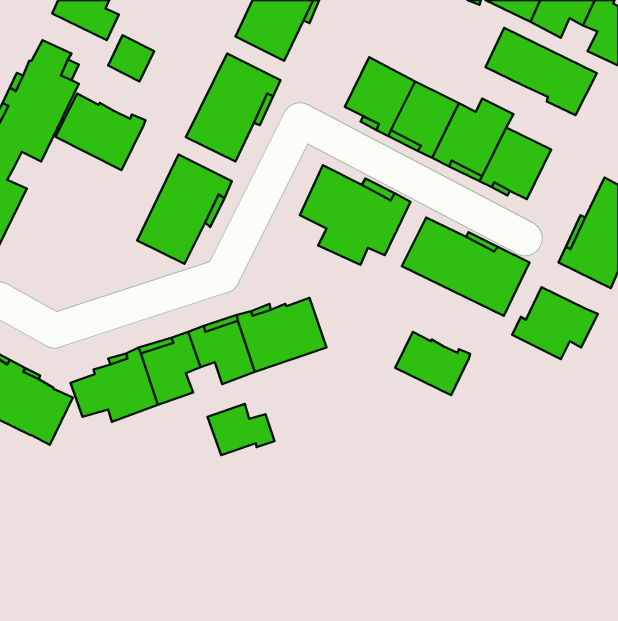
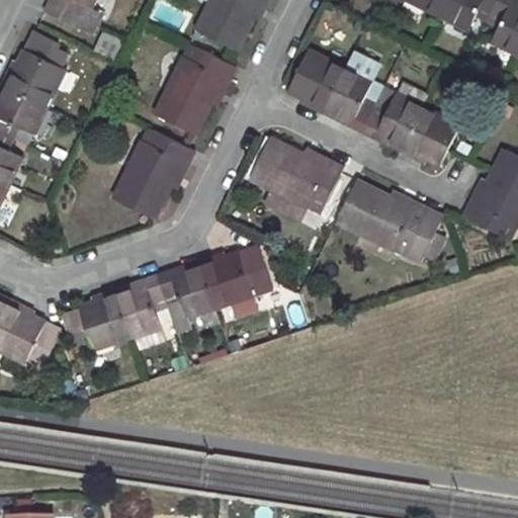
building: [486,28,597,115] -> none
building: [55,93,145,170] -> none
building: [512,287,598,359] -> none
building: [395,332,470,395] -> none
building: [207,404,275,455] -> none

